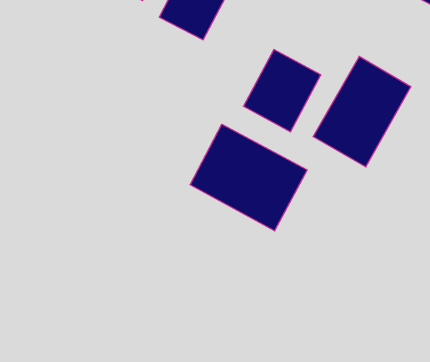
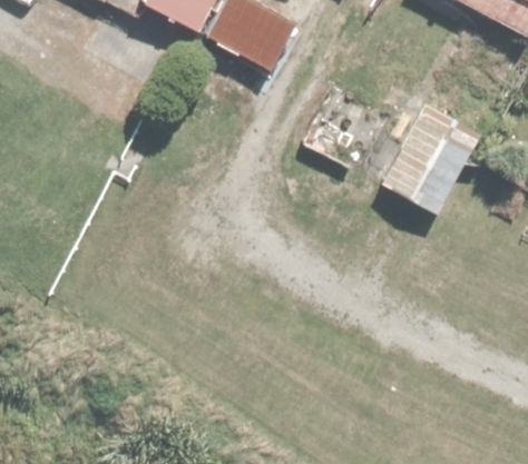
building: [190,124,307,231] -> none

